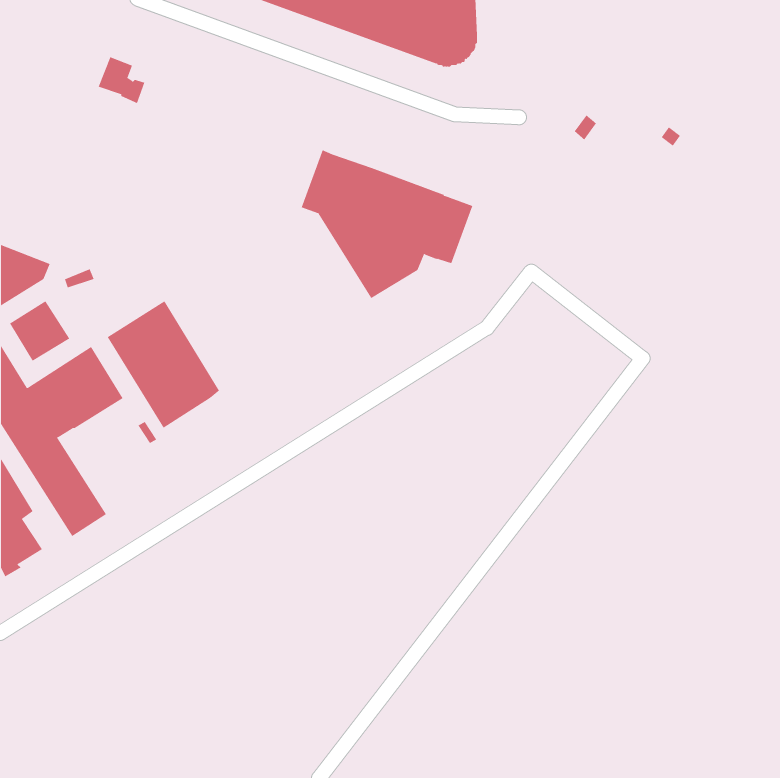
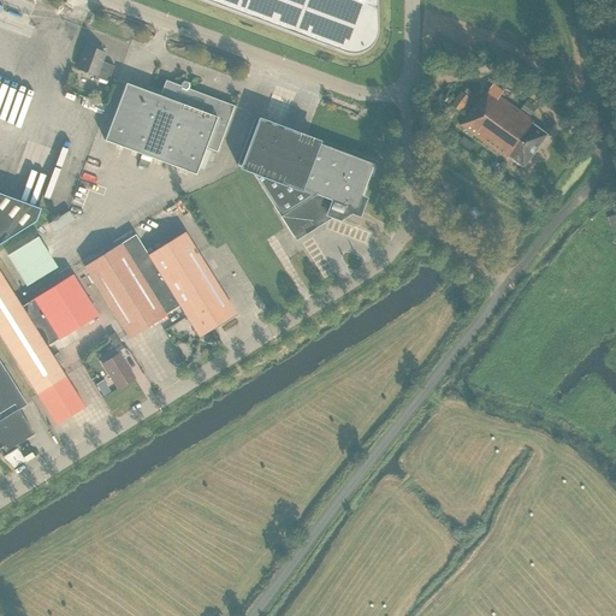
building: none -> [105,79,235,173]
building: none -> [461,83,549,166]
building: none -> [130,231,233,336]
building: none -> [102,353,135,387]

